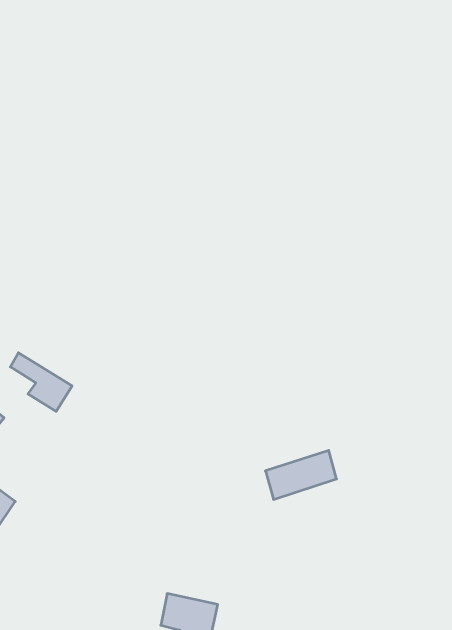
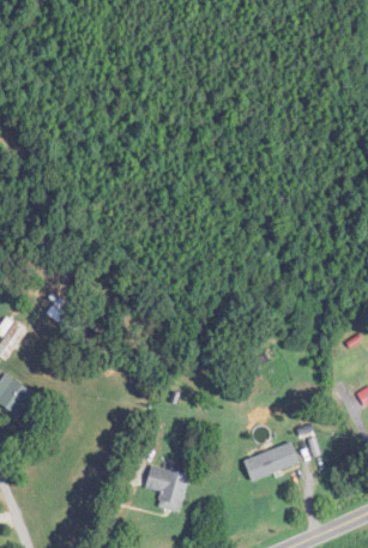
building: [265,450,337,499] -> [245,442,298,480]

